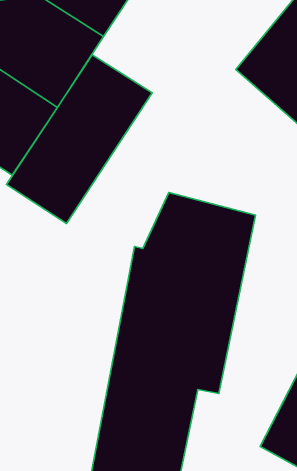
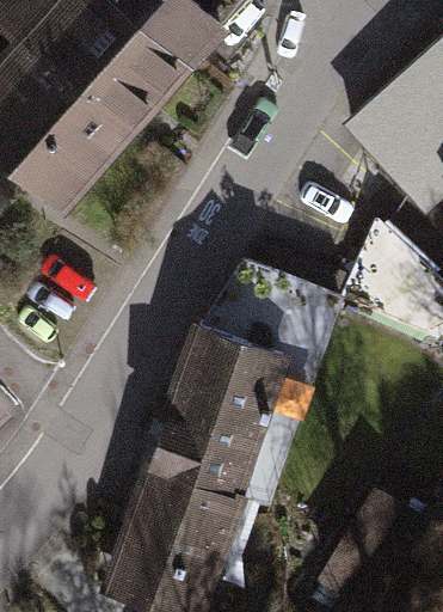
building: [6,55,152,224] -> none

